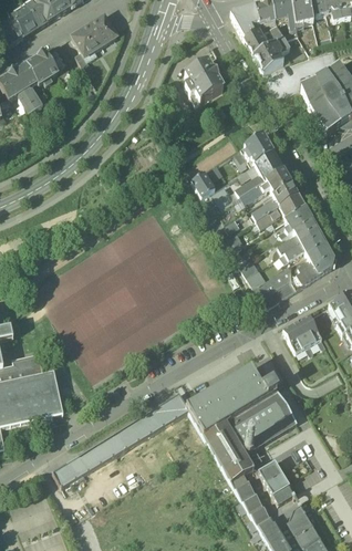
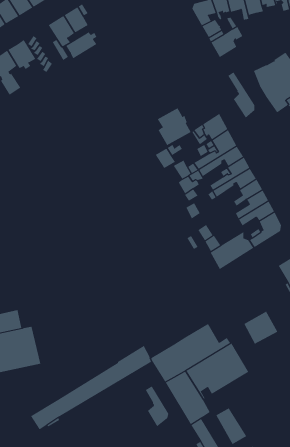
building: none -> [65,32,97,59]
building: [186,60,225,103] -> [157,107,192,146]
building: none -> [227,72,255,119]
building: [284,314,323,352] -> [244,311,278,345]
building: none -> [145,386,169,427]

